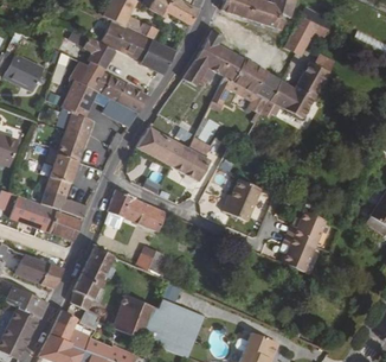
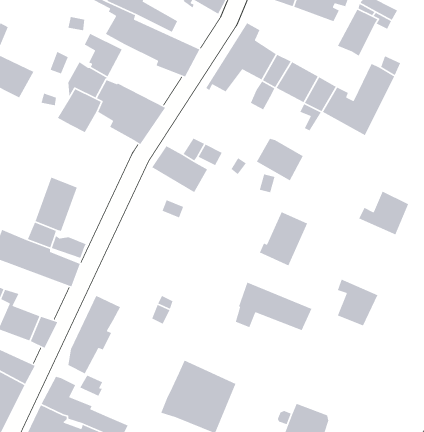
building: [57,113,91,161] -> none
building: [171,147,208,182] -> [256,138,304,181]
building: [104,192,166,231] -> [235,282,313,331]
building: [287,211,327,247] -> [358,190,409,235]
building: [103,294,157,341] -> none

